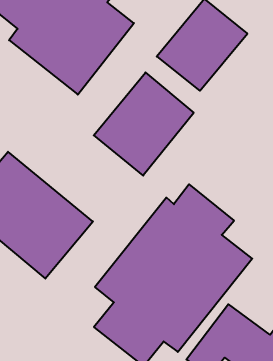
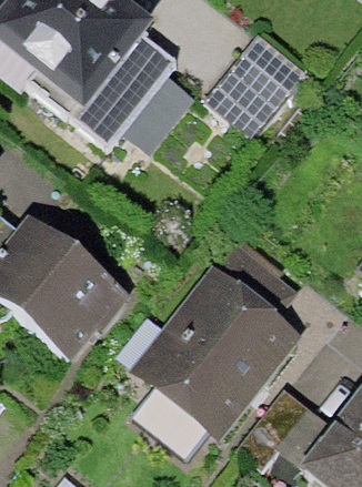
building: [94,72,194,176] -> none

